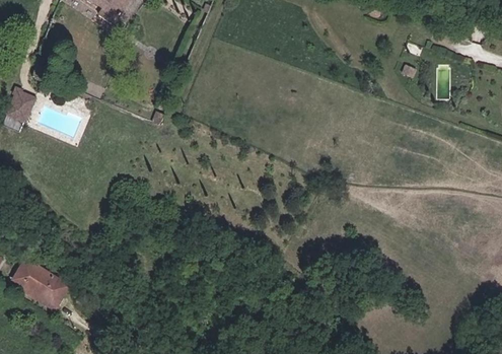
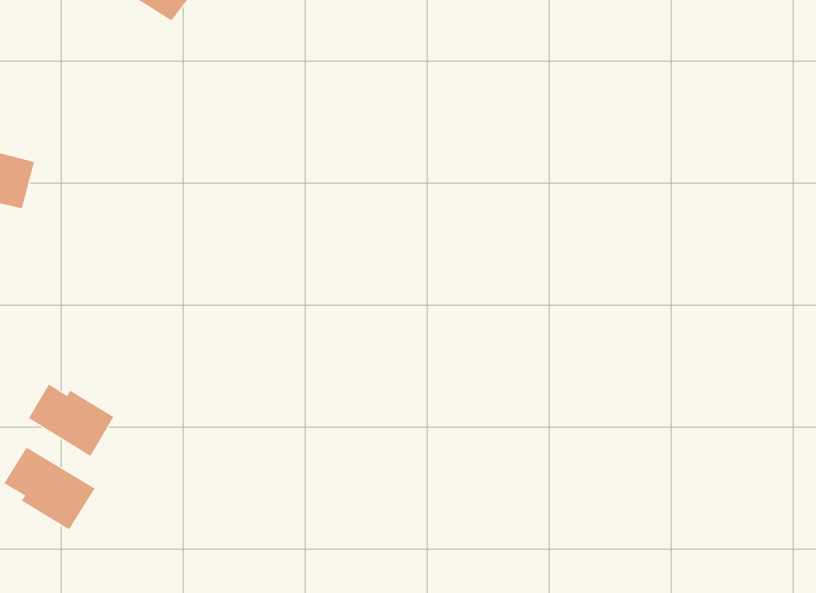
building: none -> [28,383,114,457]

